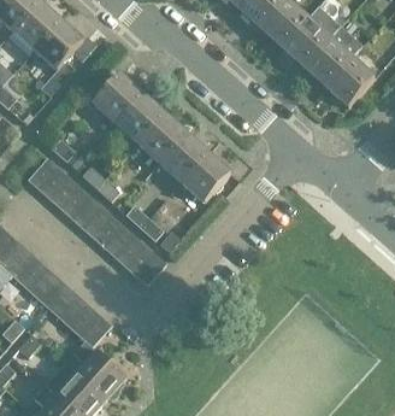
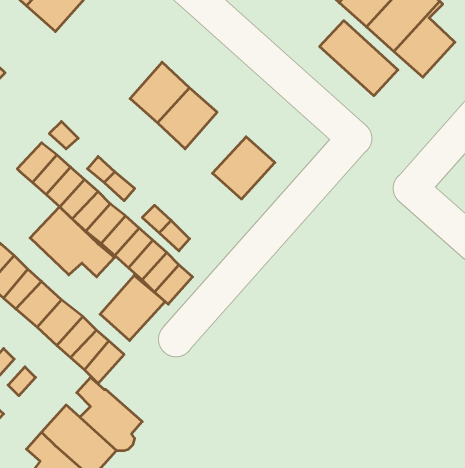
building: none -> [320,21,398,96]
building: [93,72,141,122] -> none
building: [159,133,207,181] -> none
building: none -> [30,207,115,277]
building: none -> [100,275,165,341]

